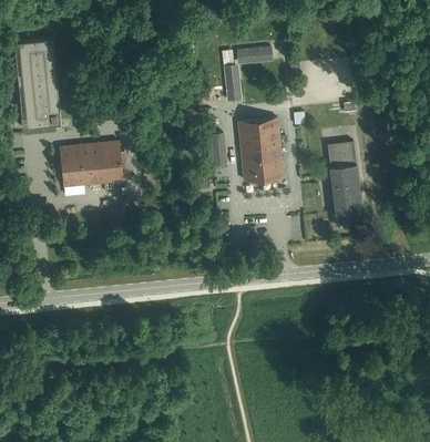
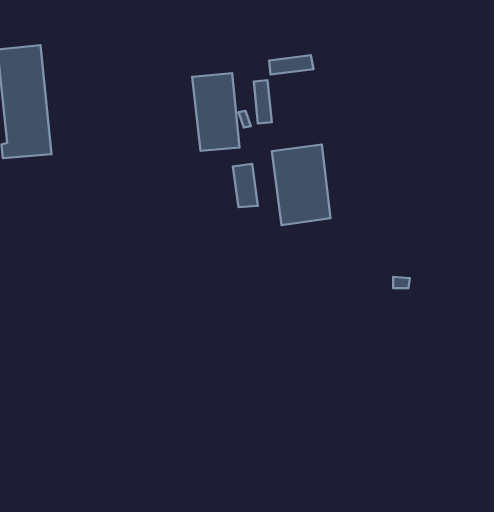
building: none -> [192,73,240,151]
building: [60,141,122,186] -> none
building: [327,141,362,217] -> none

